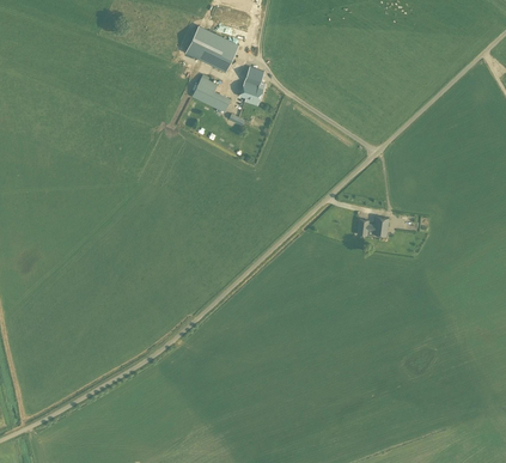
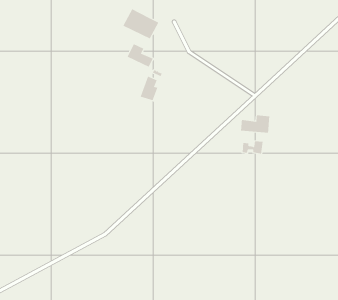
building: [238,65,264,100] -> [140,76,158,101]
building: none -> [240,114,270,134]

